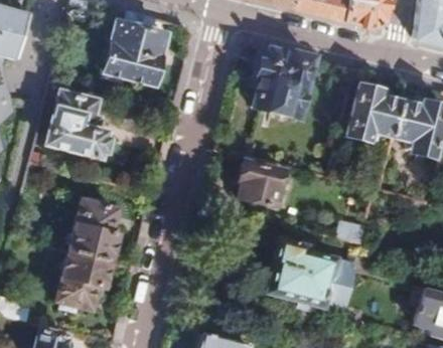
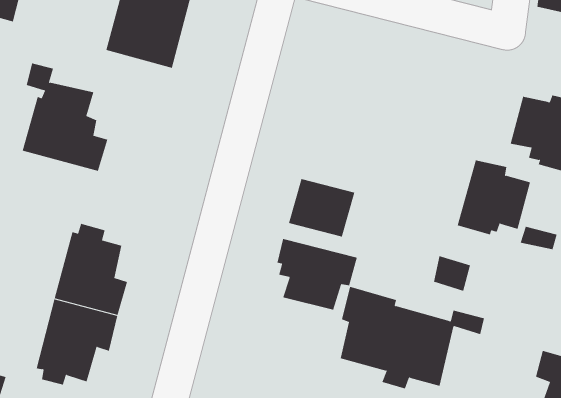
building: [256,45,317,119] -> none
building: [351,86,405,141] -> [457,160,531,235]
building: none -> [277,238,358,311]

